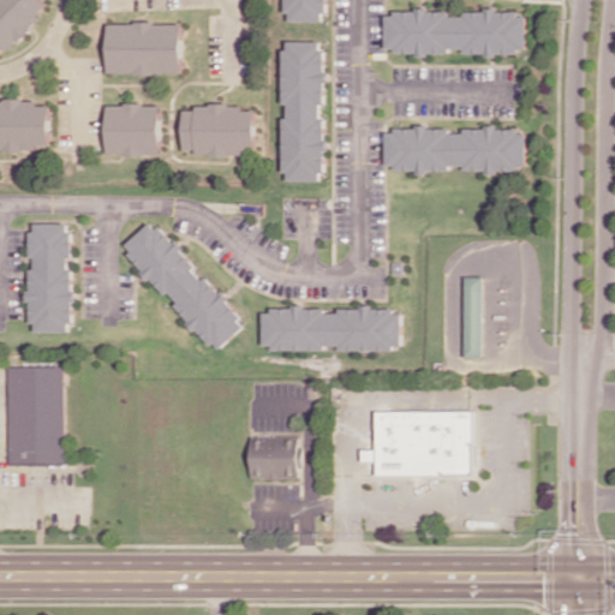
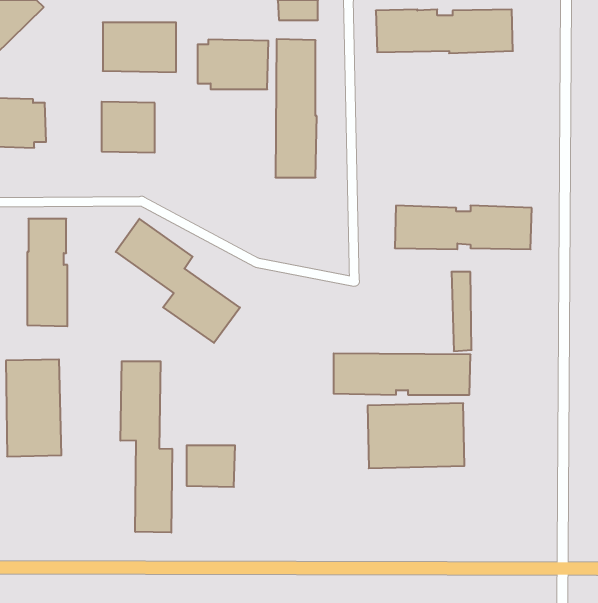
building: [180,106,252,156] -> [198,40,268,89]
building: [381,127,520,172] -> [395,206,532,249]
building: [258,309,398,351] -> [334,353,471,395]
building: none -> [120,361,172,533]
building: [247,437,297,479] -> [187,445,235,487]

